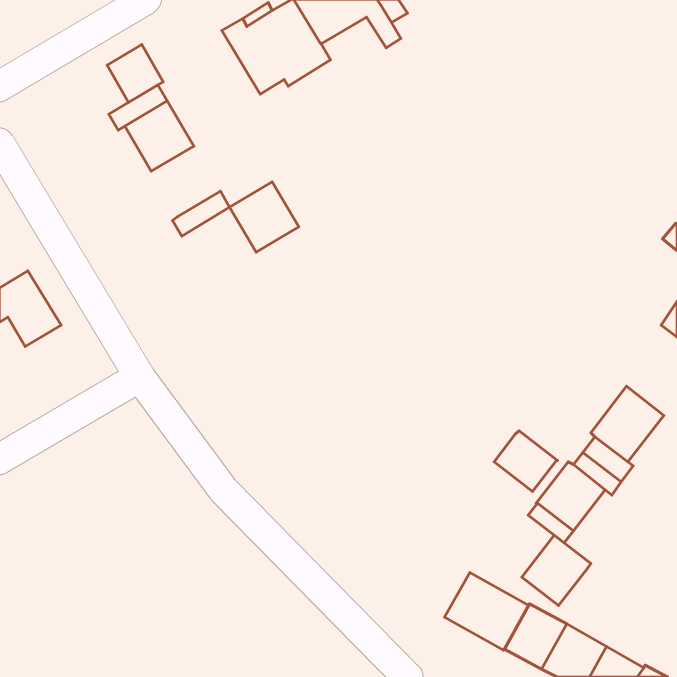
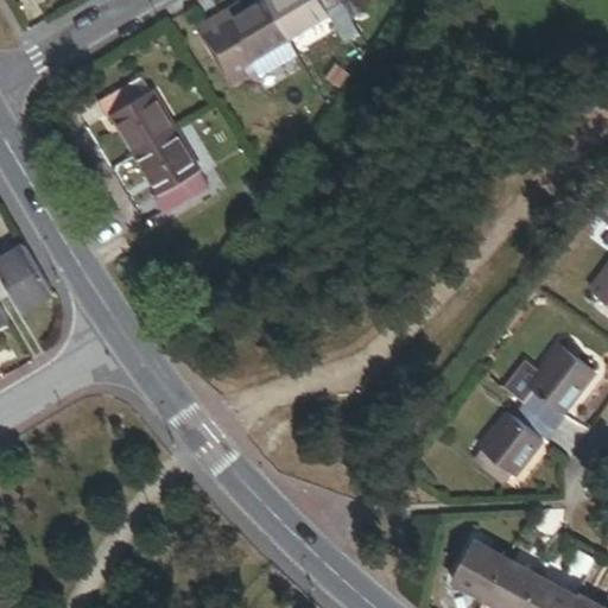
building: [107,45,163,102] -> none
building: [230,182,299,252] -> [135,131,197,194]
building: [494,431,557,492] -> none
building: [522,535,591,606] -> none
building: [445,572,529,650] -> none

